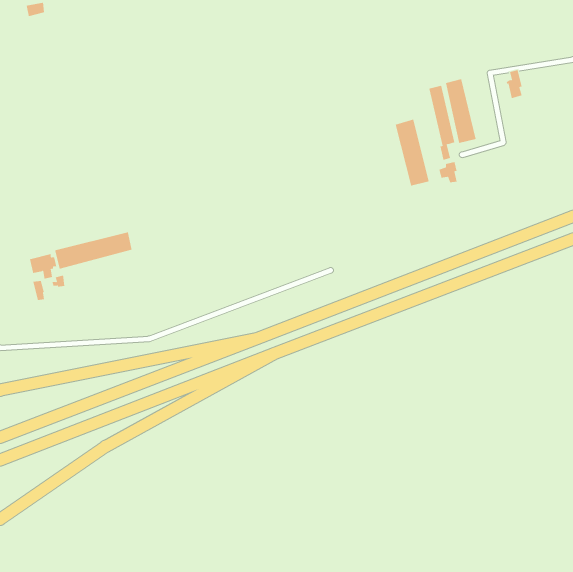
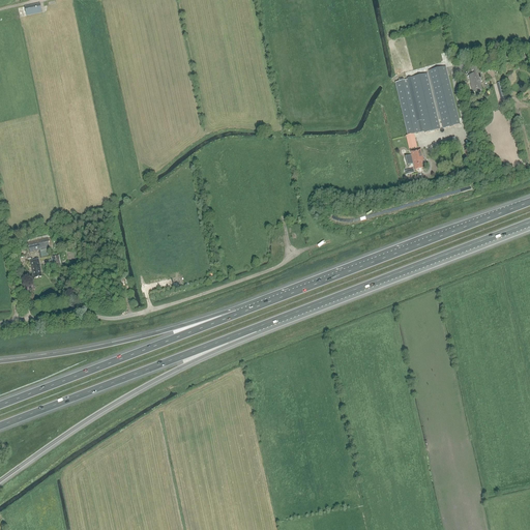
building: [395,119,430,186] -> [428,65,460,127]
building: [55,231,132,270] -> none

